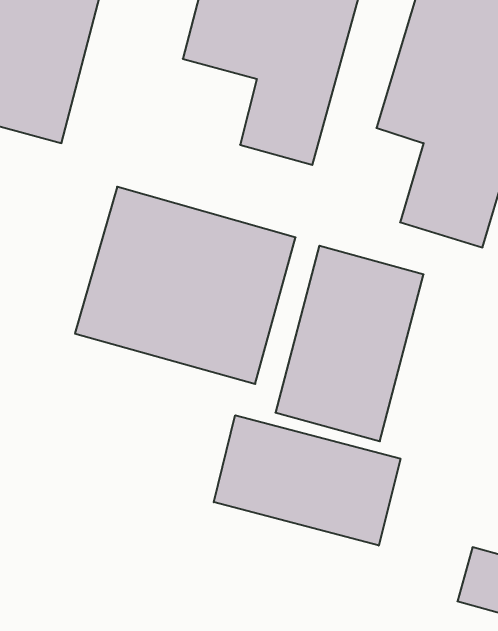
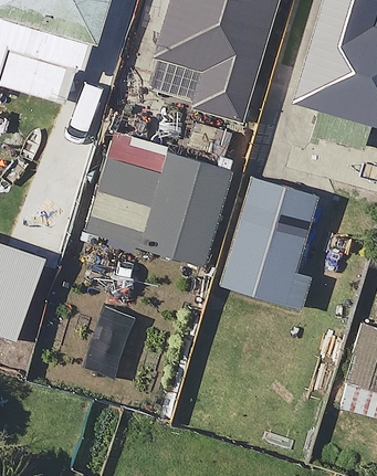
building: [214,415,400,546] -> none

